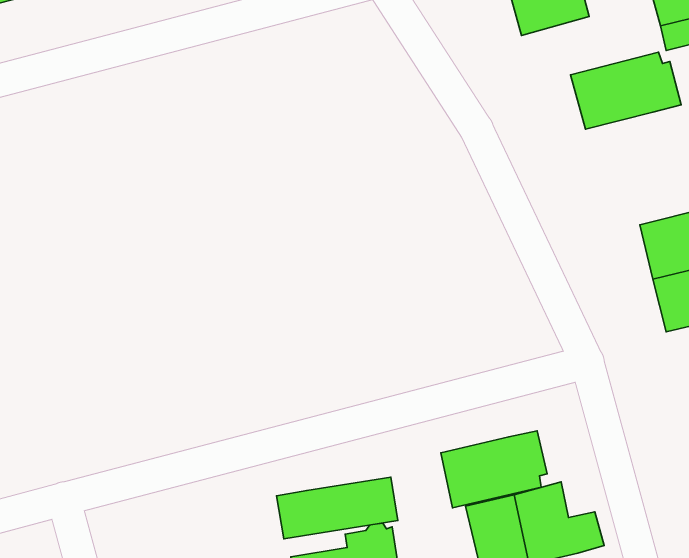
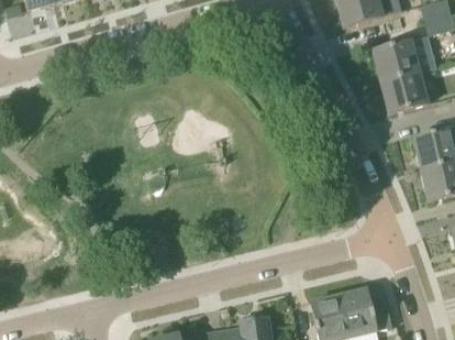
building: none -> [380,72,428,112]
building: [441,431,547,508] -> none
building: [277,477,398,539] -> none

